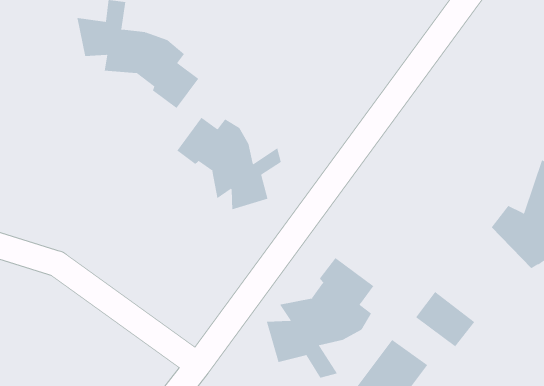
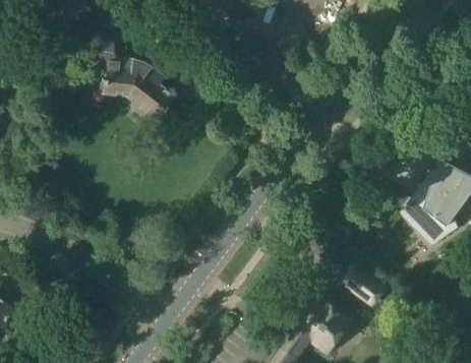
building: [176,117,282,210] -> none
building: [266,257,374,379] -> none

